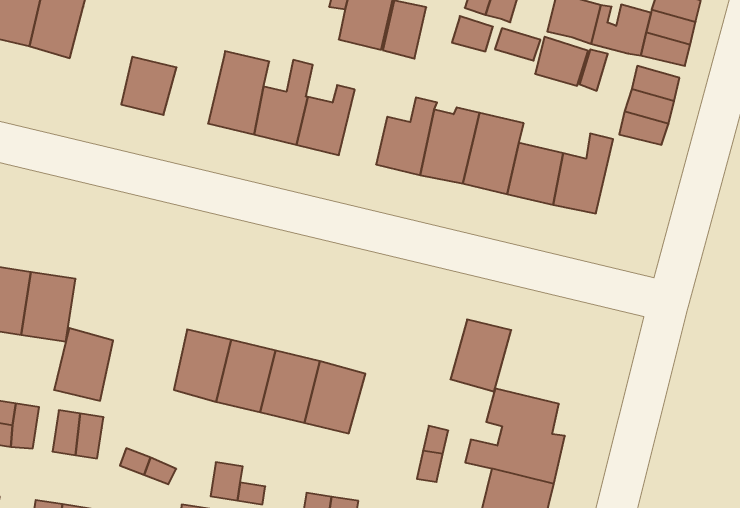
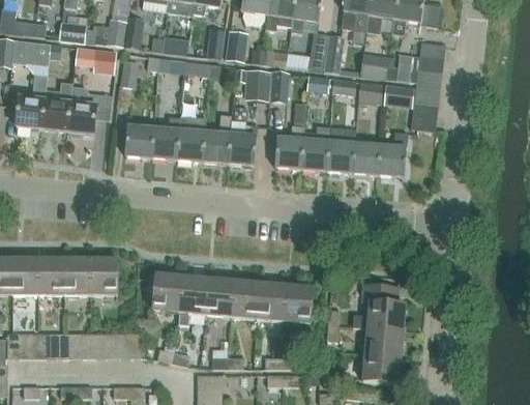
building: none -> [151,116,180,157]
building: [450,319,511,392] -> [284,285,314,323]
building: [54,328,113,401] -> [154,272,183,311]

